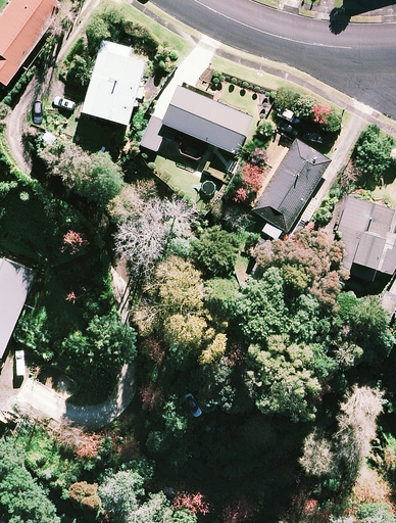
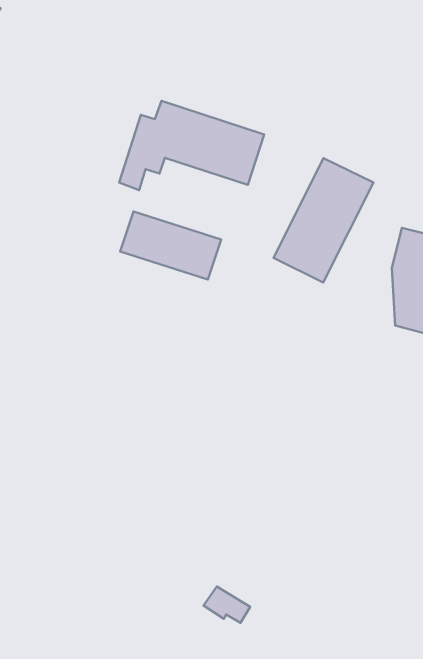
building: [83,42,147,126] -> none
building: none -> [120,212,221,280]

